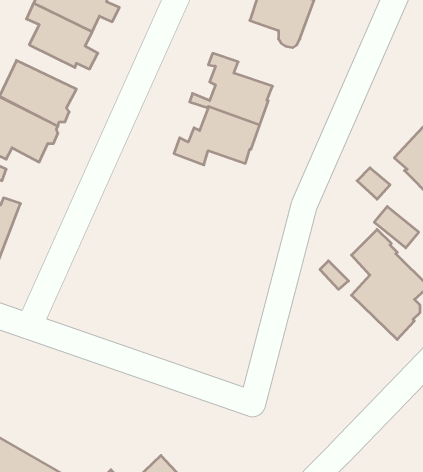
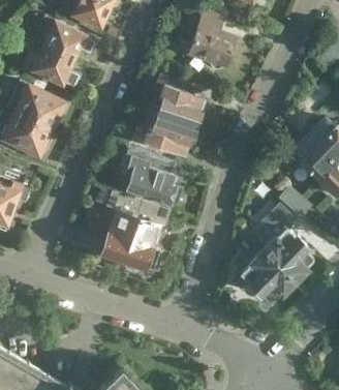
building: none -> [118,147,180,206]
building: none -> [98,189,171,272]
building: none -> [241,251,295,300]

